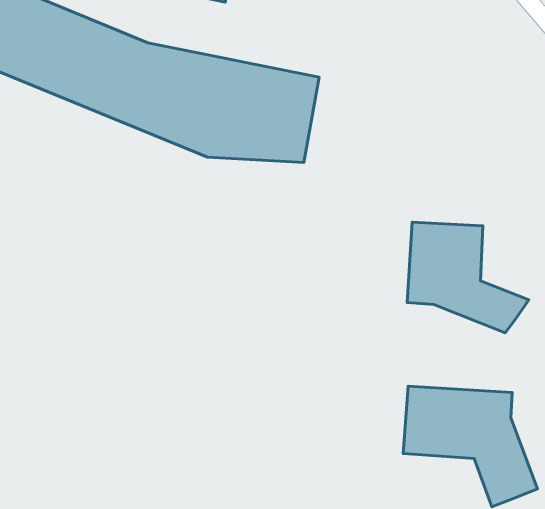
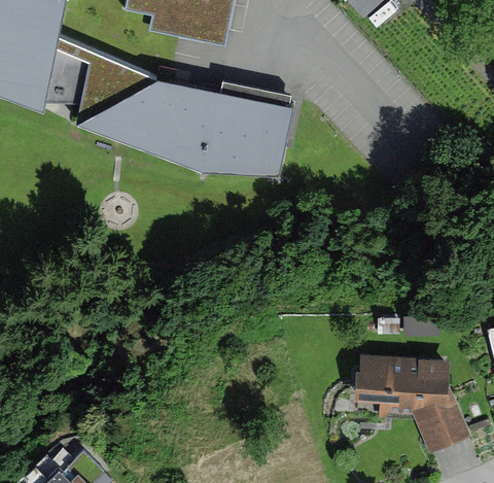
building: [407,222,529,333] -> none

